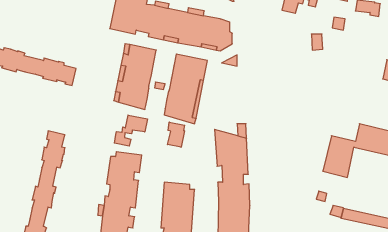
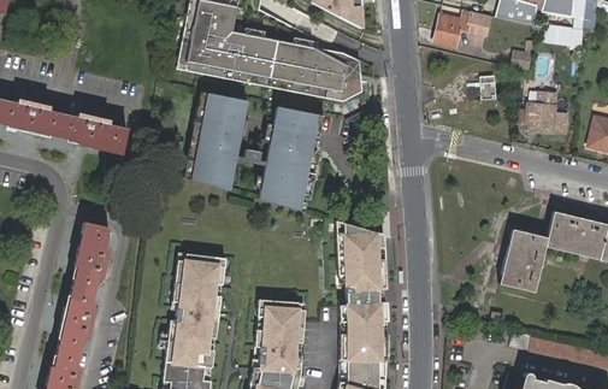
building: none -> [526,93,567,132]
building: [114,115,147,146] -> none
building: [168,122,185,147] -> none

